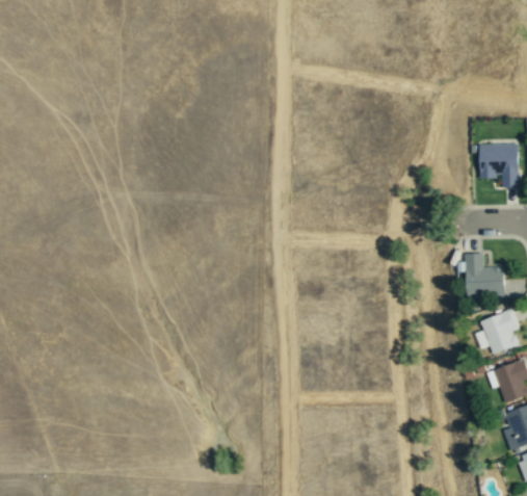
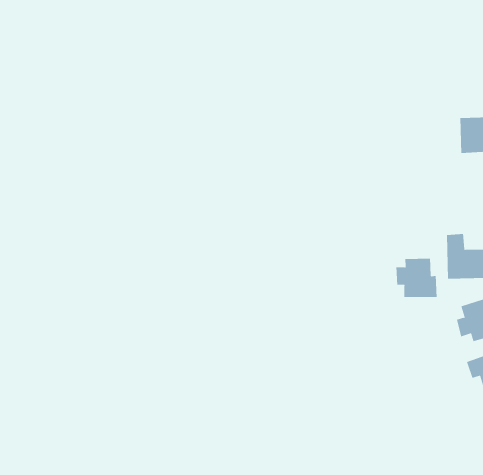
building: none -> [396,258,437,298]

